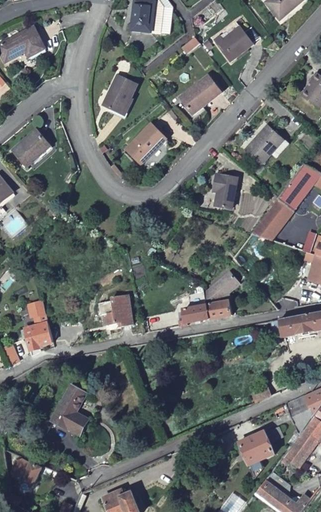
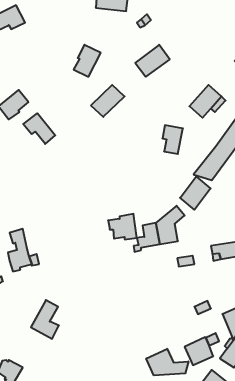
building: [212,27,252,63] -> none
building: none -> [23,113,55,144]
building: none -> [180,177,211,210]
building: [98,295,133,326] -> [108,214,137,239]
building: none -> [146,349,188,375]

